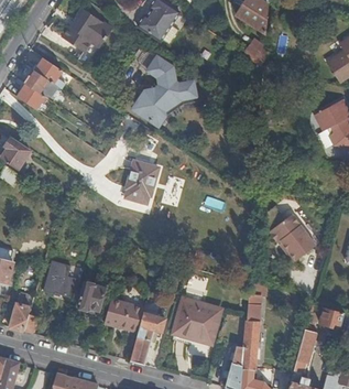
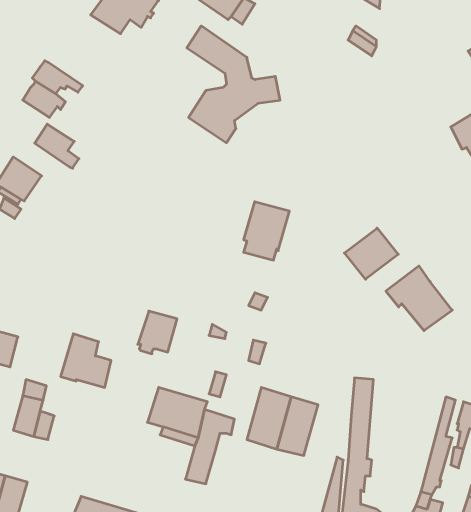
building: [34,57,65,88] -> [35,124,79,168]
building: [126,162,157,203] -> [244,202,289,260]
building: none -> [344,228,398,279]
building: [77,282,105,312] -> [138,311,177,354]

